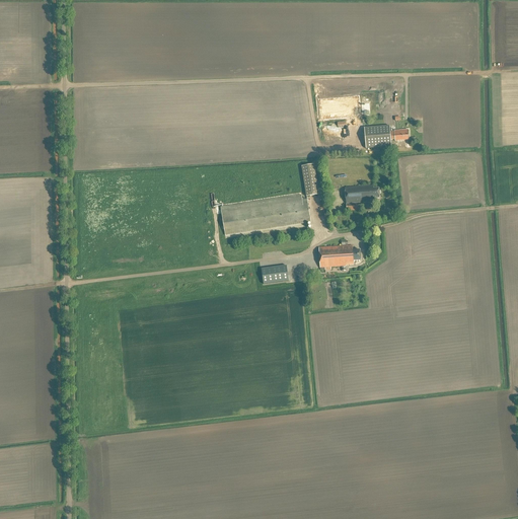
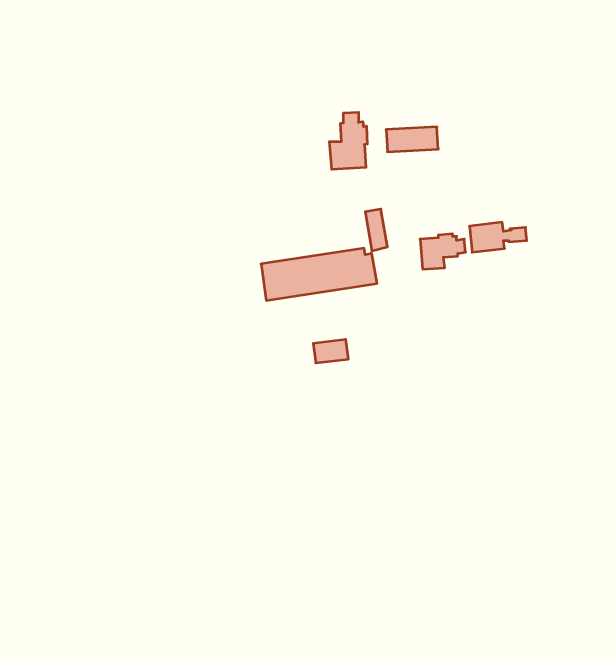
building: none -> [329,112,367,169]
building: [363,125,408,148] -> [469,222,527,252]
building: [318,244,360,269] -> none

